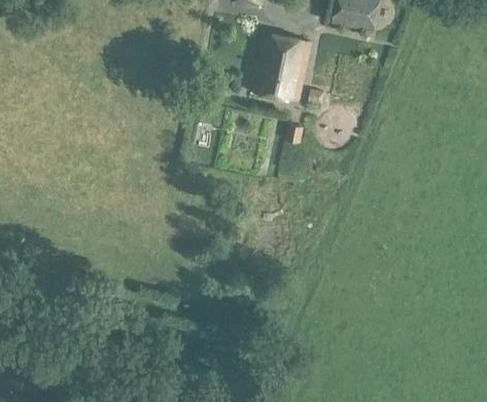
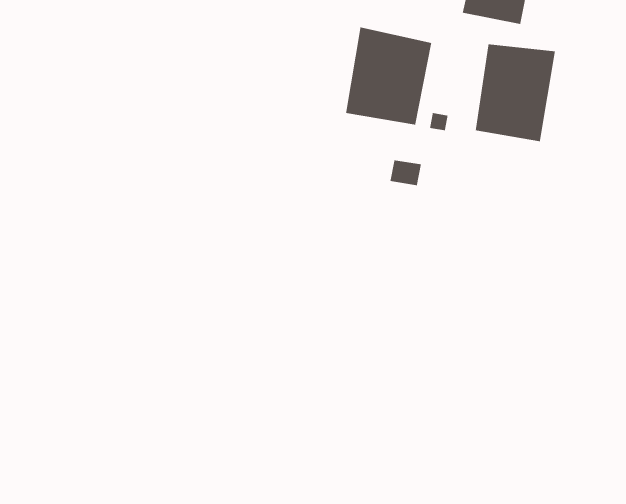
building: none -> [475,43,556,142]

